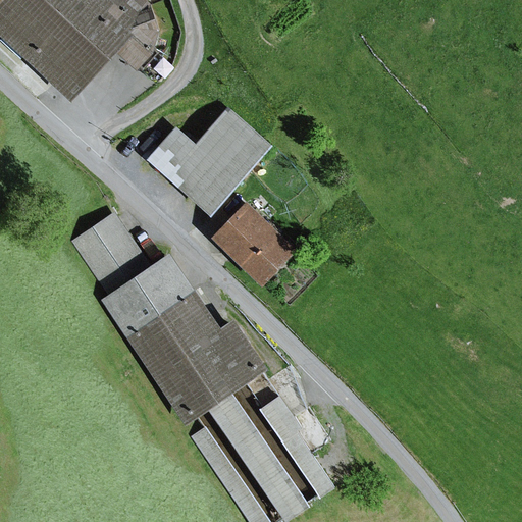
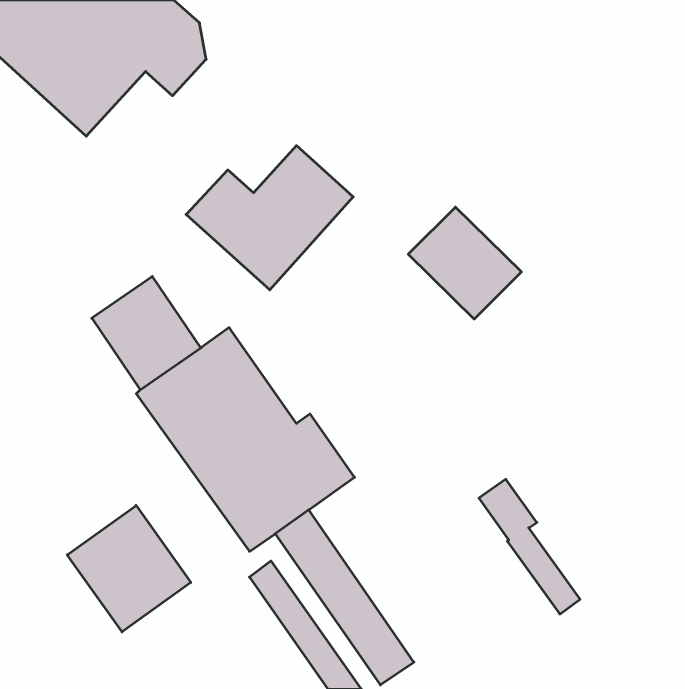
building: [207,205,293,290] -> [408,207,521,319]
building: none -> [67,505,191,632]
building: [260,392,336,493] -> [479,479,580,614]

